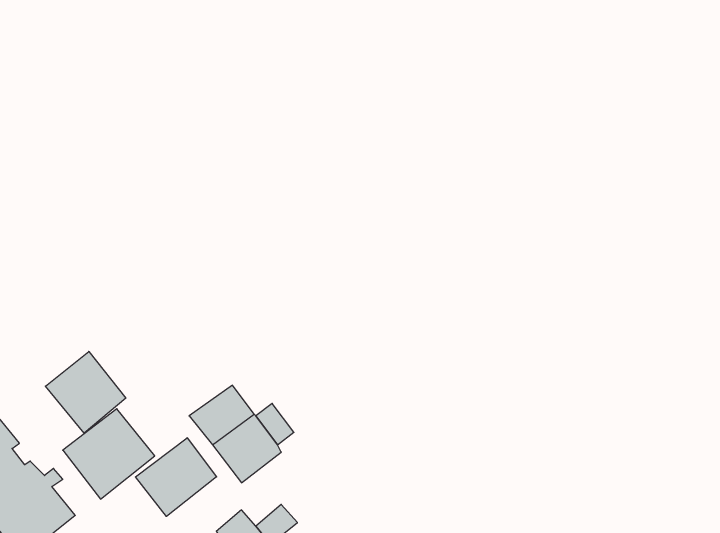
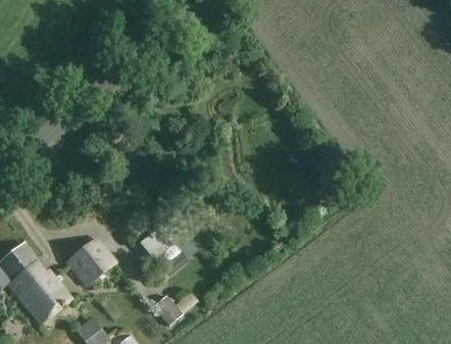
building: [45,351,126,433] -> none
building: [135,438,217,516] -> none

